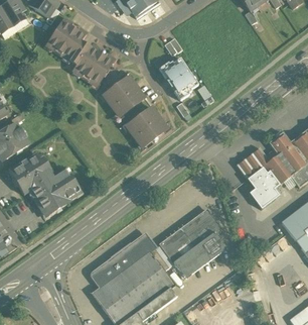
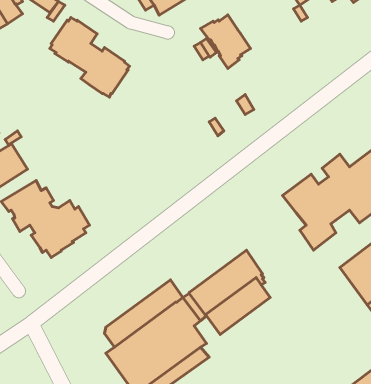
building: [158,57,198,100] -> [201,15,250,68]
building: [103,76,144,116] -> none
building: [126,107,167,147] -> none

